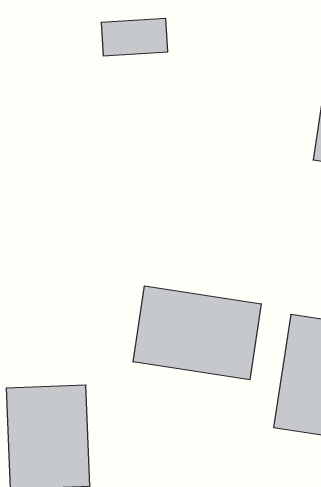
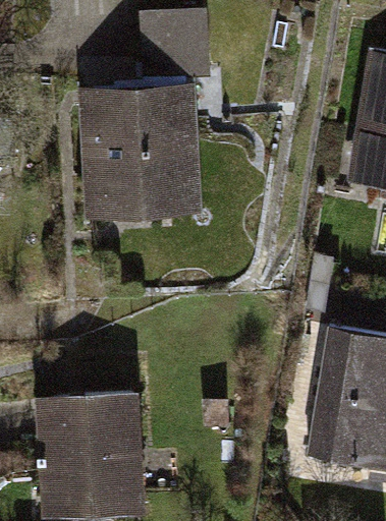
building: none -> [92,95,186,206]
building: [133,286,261,380] -> none

